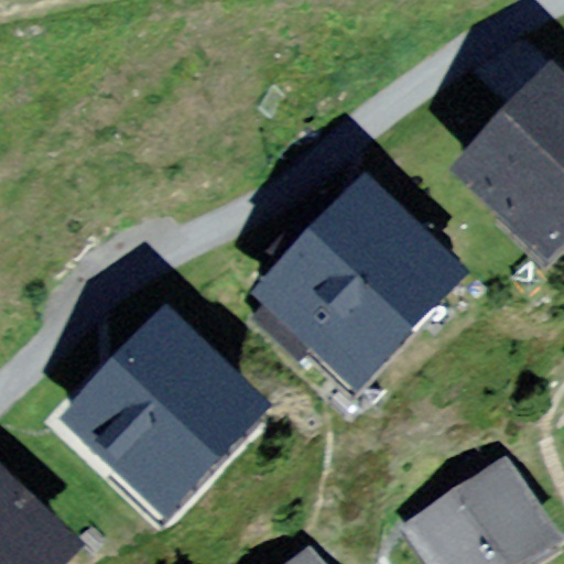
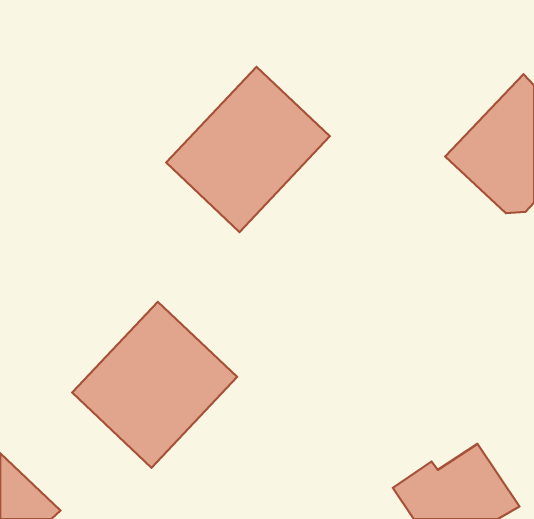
building: none -> [166,67,330,232]
building: [254,188,447,367] -> none

